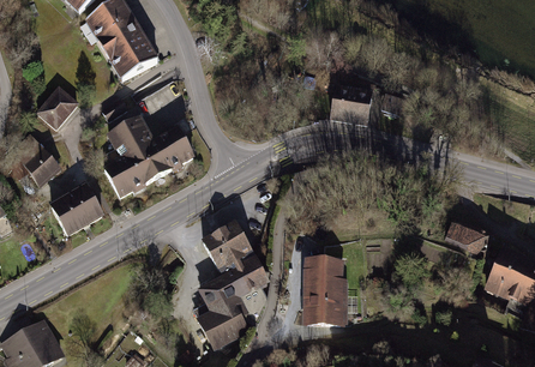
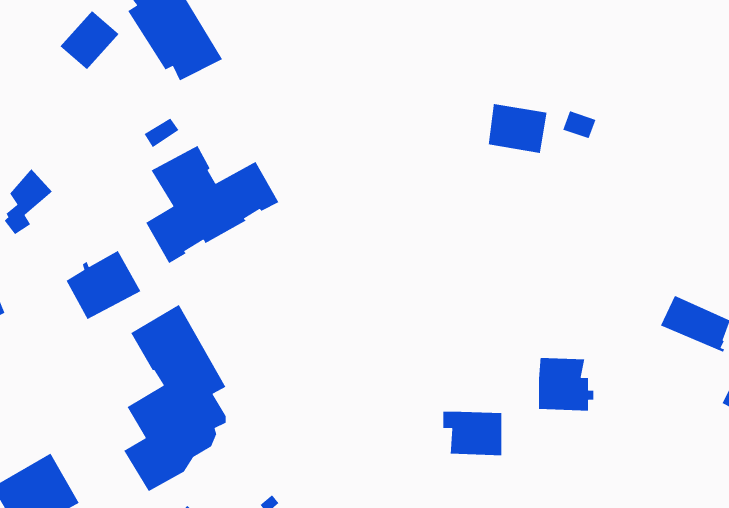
building: [37,88,77,127] -> [60,10,119,70]
building: [25,149,59,185] -> none
building: [198,223,266,348] -> [123,304,226,492]
building: [307,259,344,295] -> [538,357,594,411]

